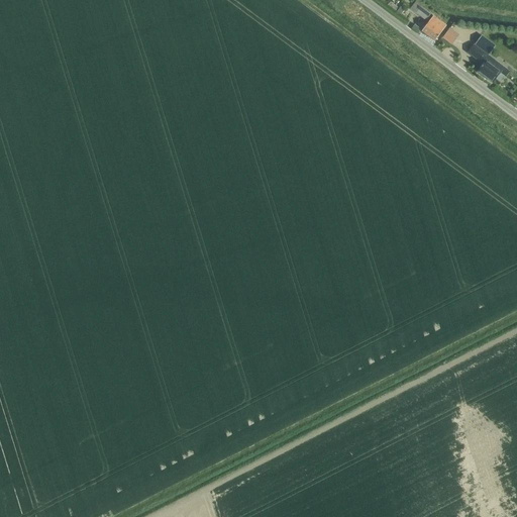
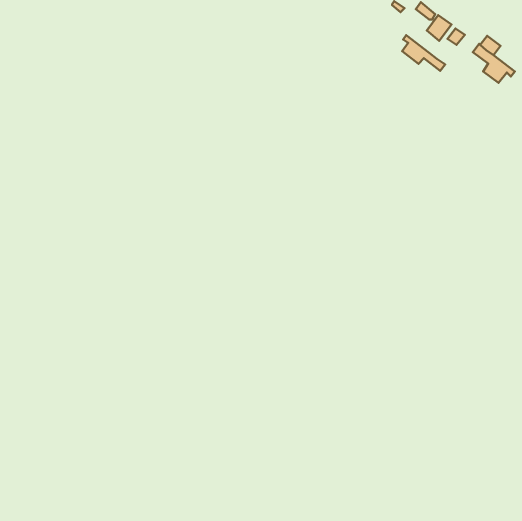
building: none -> [402,35,445,71]

